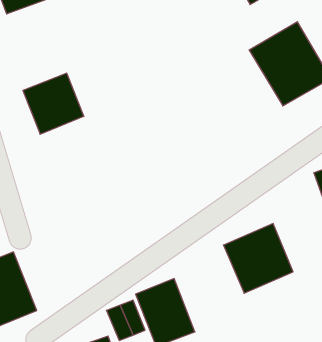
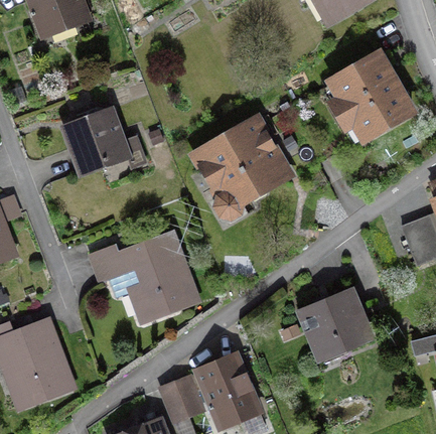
building: none -> [186,110,299,219]
building: none -> [86,230,200,324]

